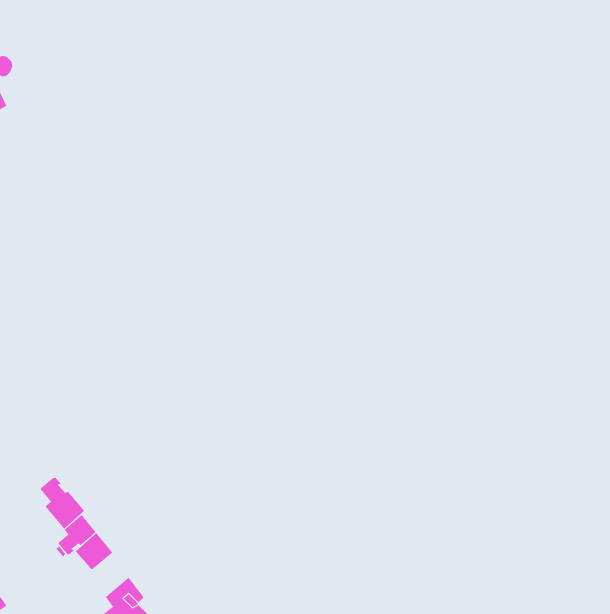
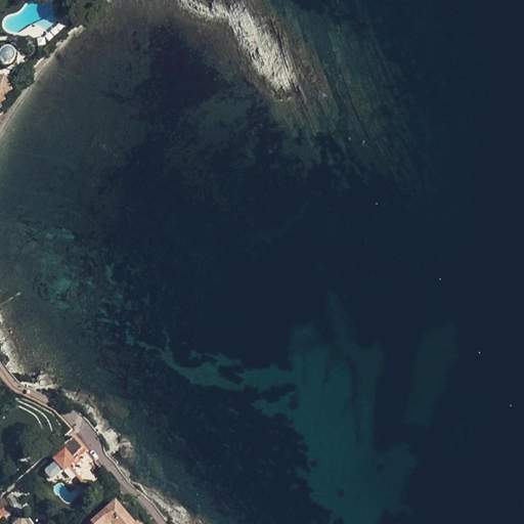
building: [40,477,85,530] -> none

